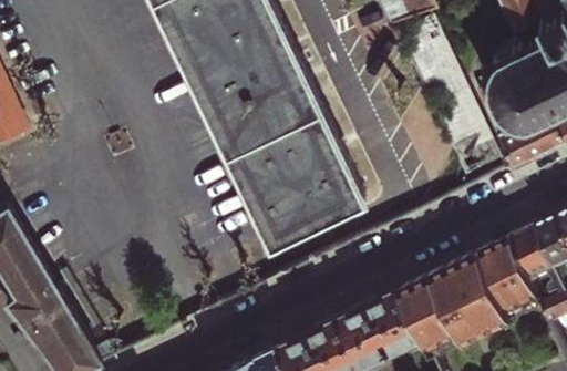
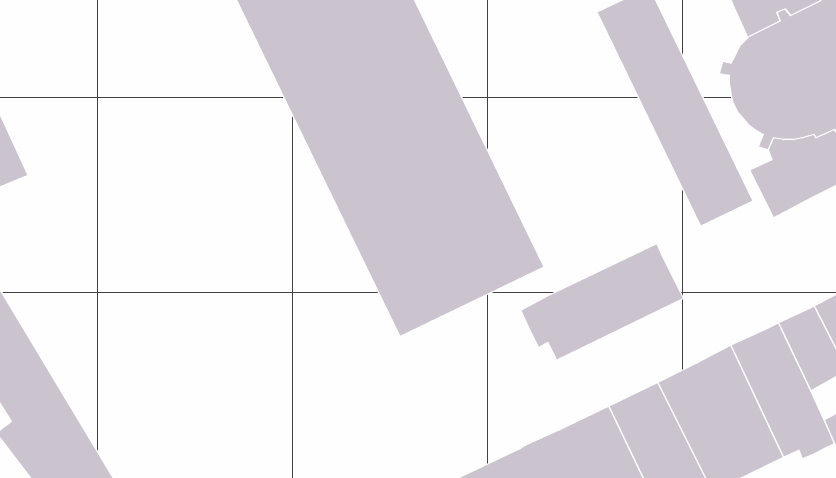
building: none -> [521,244,684,360]

